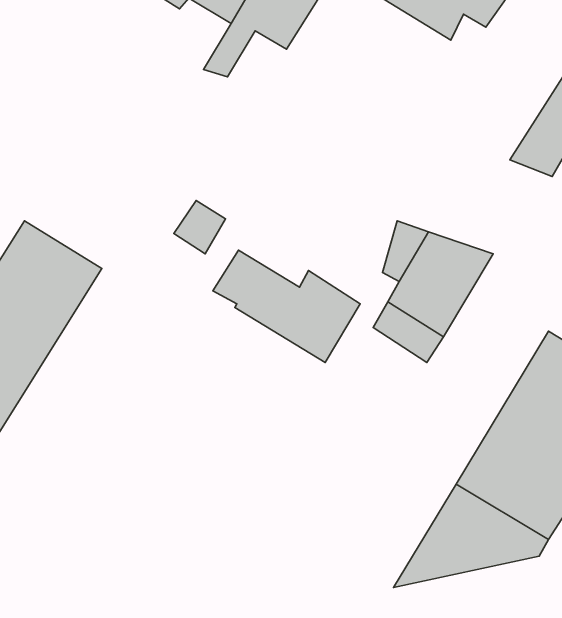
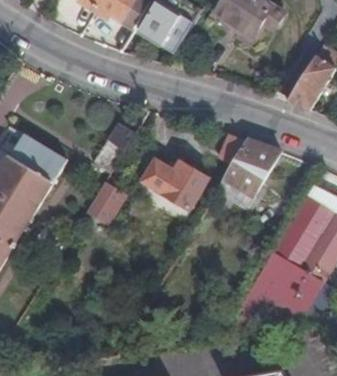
building: none -> [86,183,123,223]

